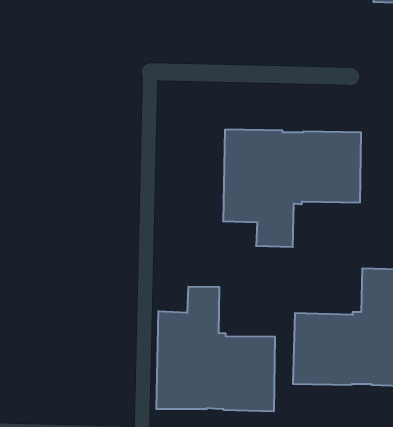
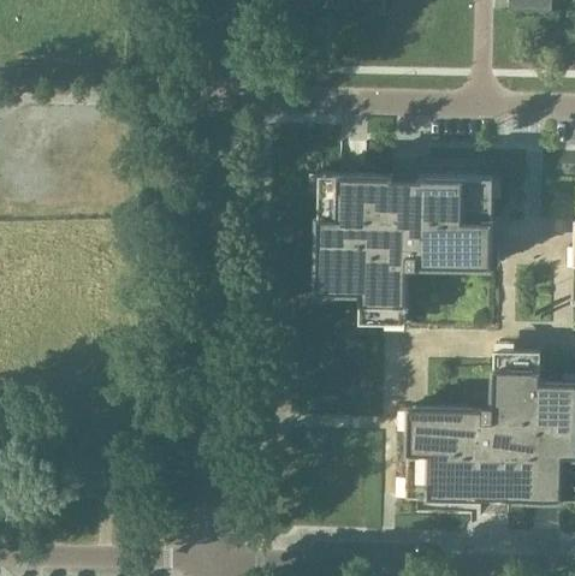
building: [156,287,275,411] -> none

